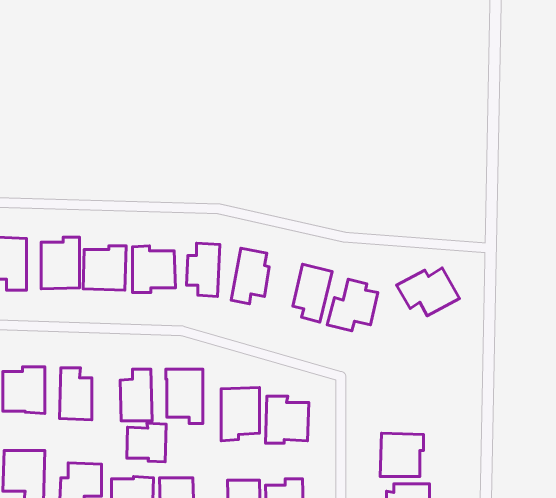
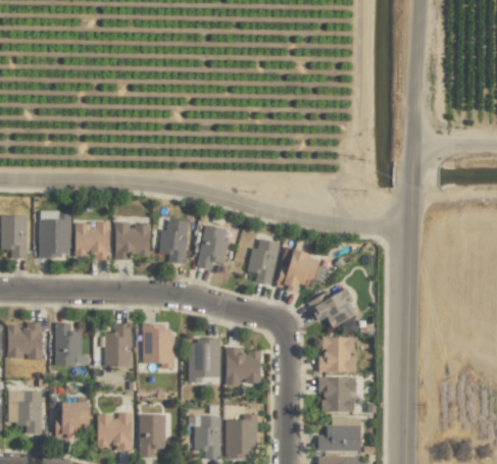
building: [396,268,459,316] -> [307,288,359,327]
building: none -> [318,337,356,371]
building: [127,423,166,462] -> none

